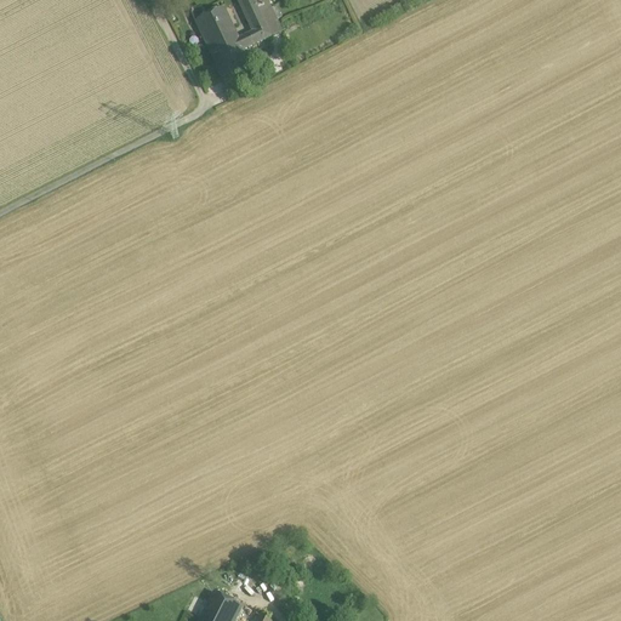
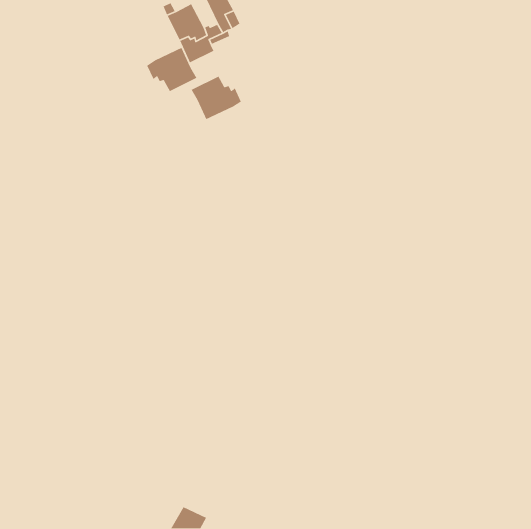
building: none -> [146,47,197,92]
building: none -> [191,75,242,120]

